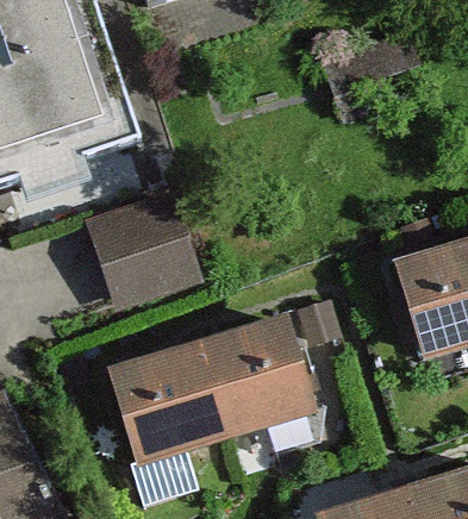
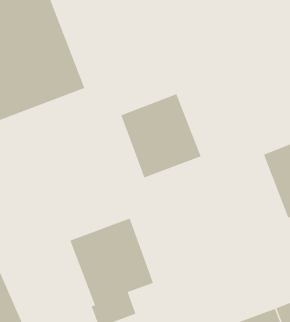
building: [89,185,204,305] -> [120,93,201,178]
building: [200,317,316,440] -> none

